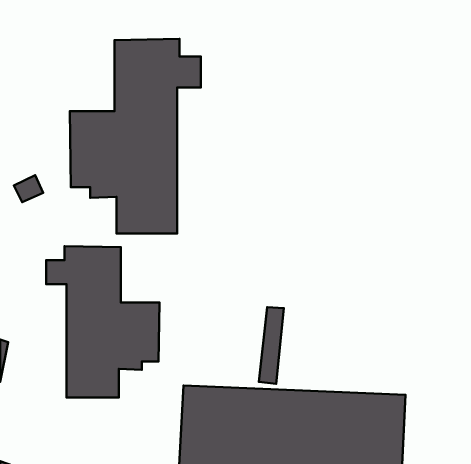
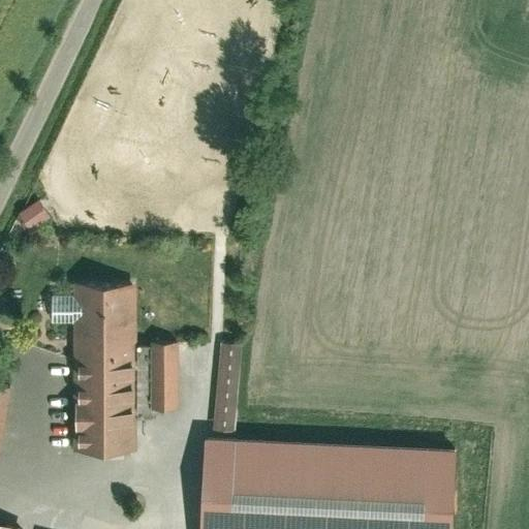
building: [70,39,201,234] -> none
building: [259,307,284,384] -> [213,347,241,433]

